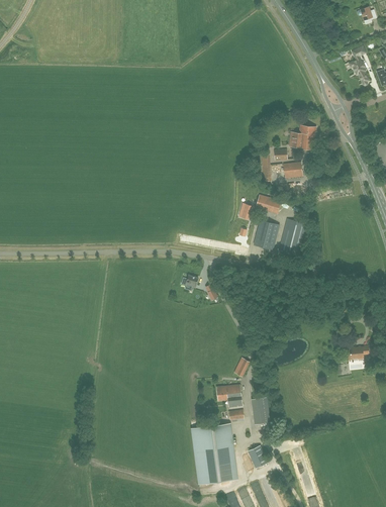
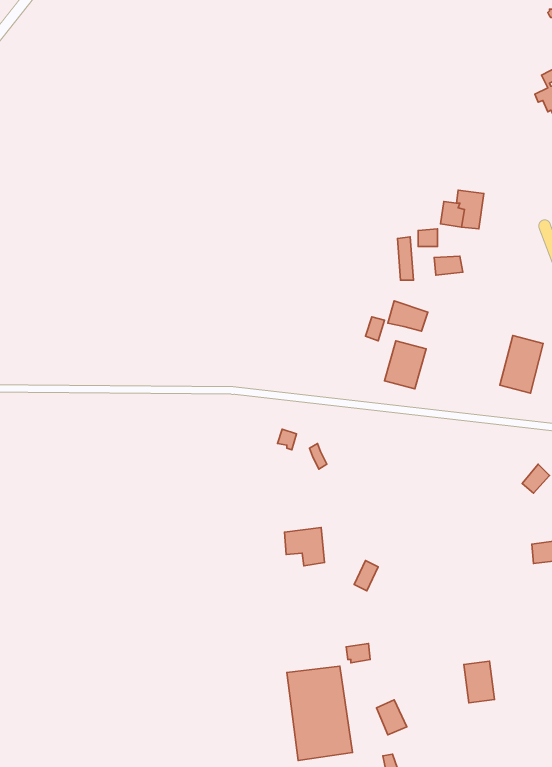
building: [280,218,307,255] -> [500,335,543,393]
building: [217,384,243,408] -> [285,527,325,566]
building: [250,396,269,422] -> [464,661,494,703]

